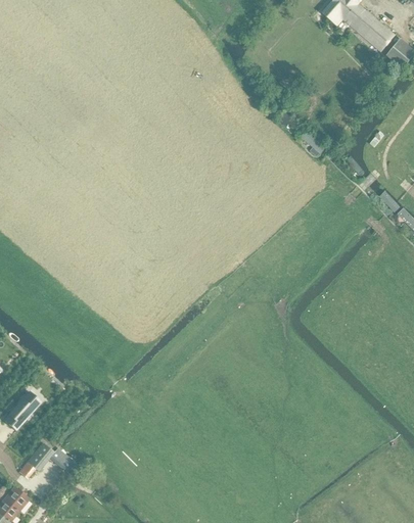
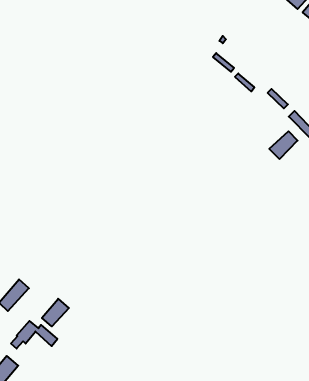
building: none -> [269,131,298,159]
building: none -> [42,299,69,326]

